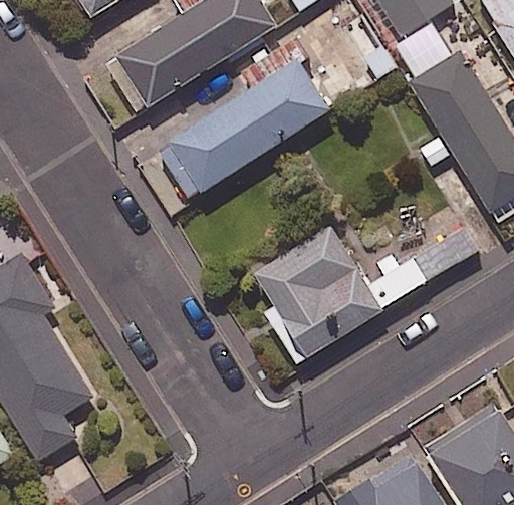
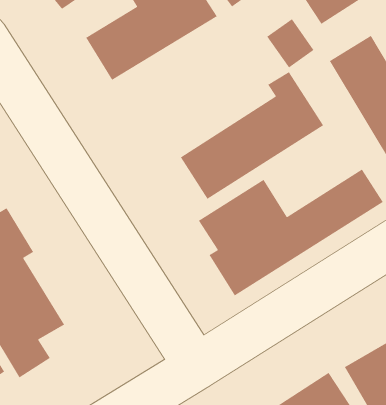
building: [157,43,330,198] -> [180,71,324,200]

